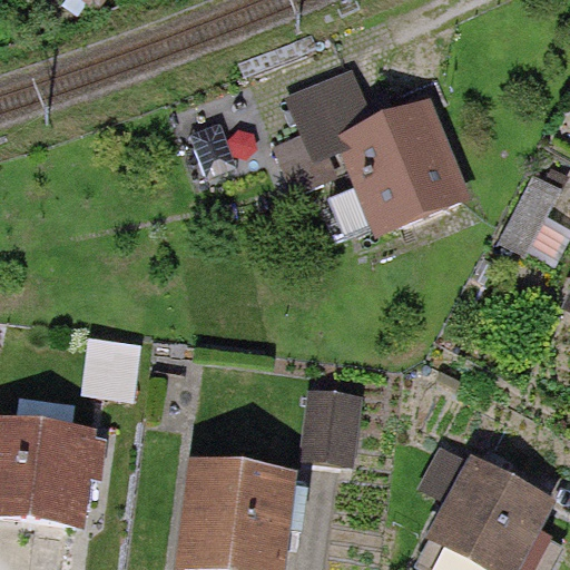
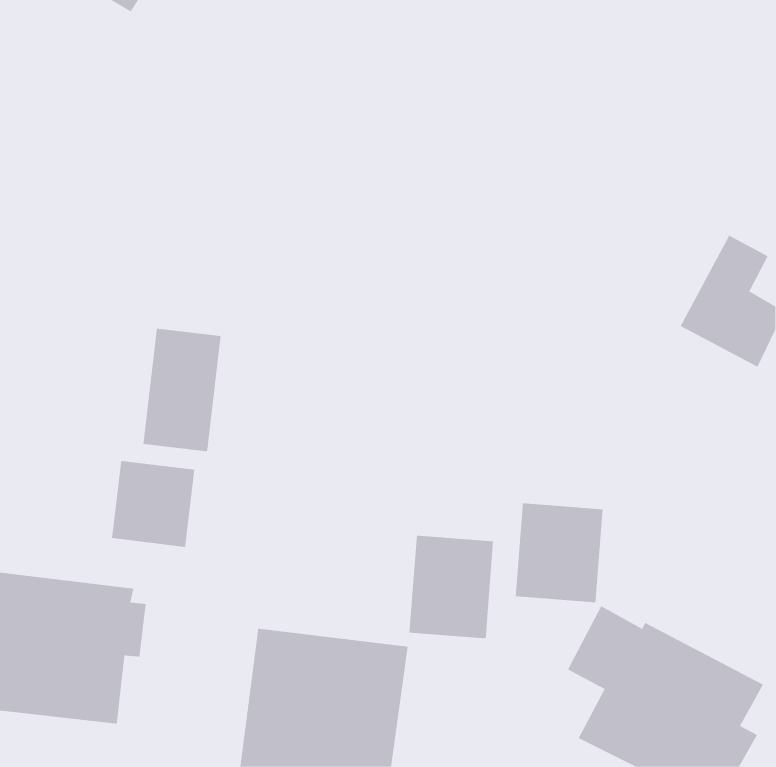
building: [273,69,468,234] -> none
building: none -> [143,328,221,452]
building: none -> [515,503,603,603]

